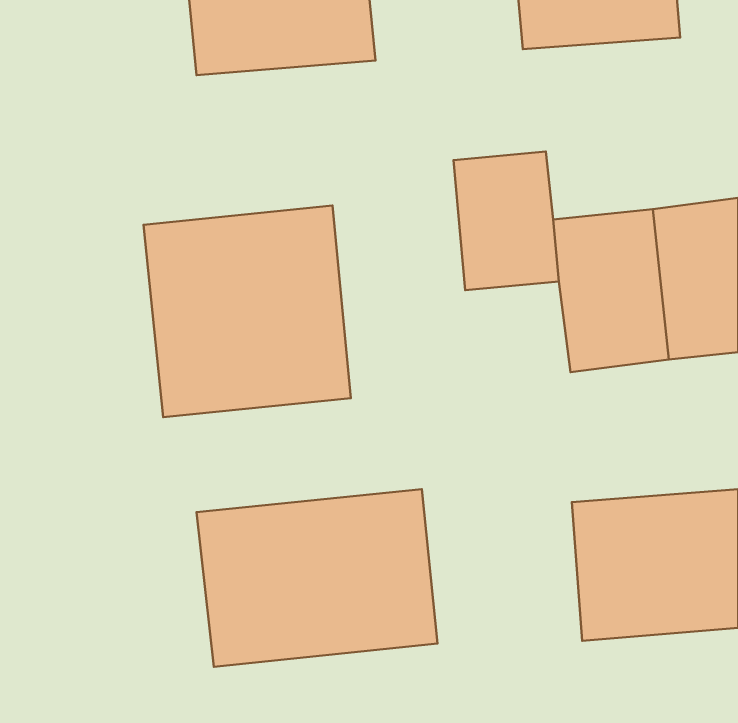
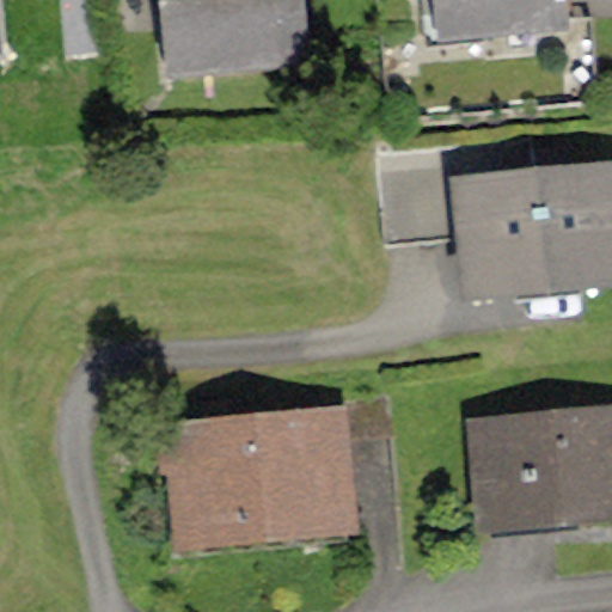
building: [143,205,351,417] -> none

